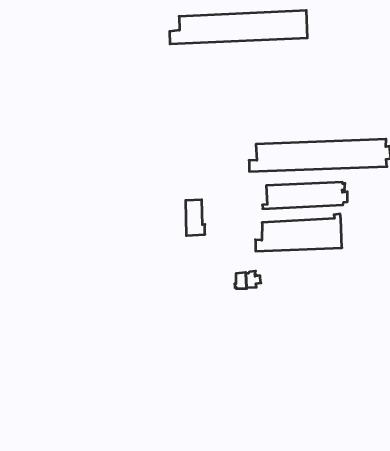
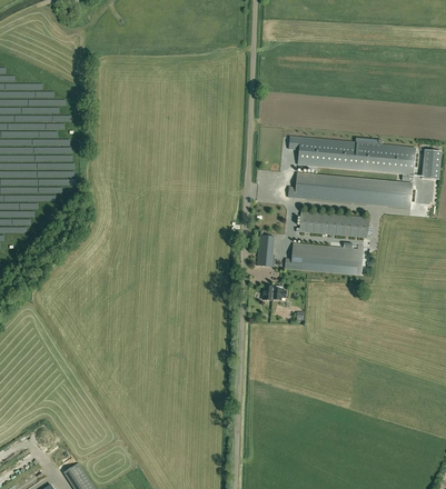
building: [170,10,307,44] -> [281,139,406,172]
building: [186,200,205,236] -> [257,233,275,266]

